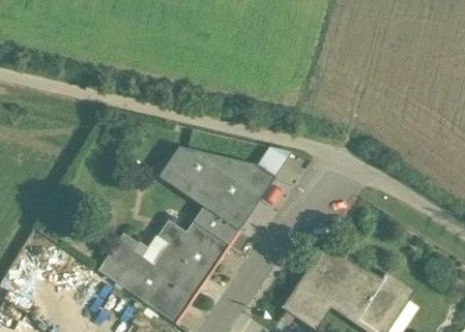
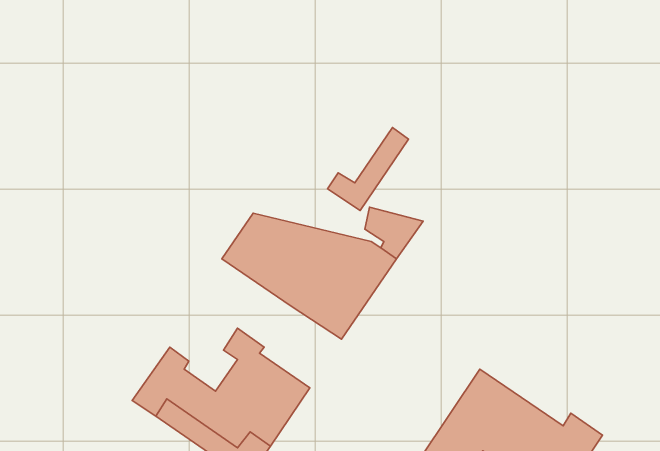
building: none -> [327,128,409,211]
building: [182,208,236,262] -> none

